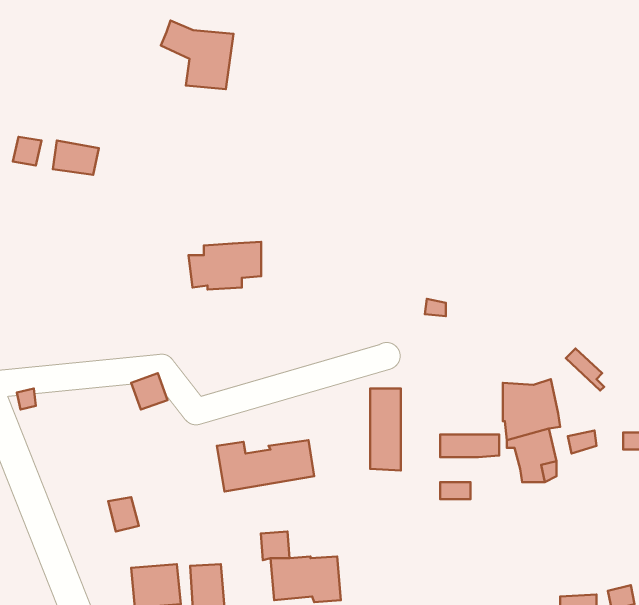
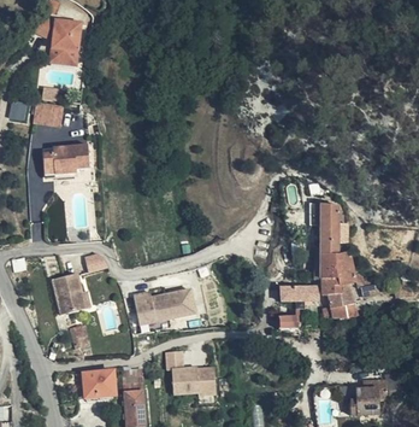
building: [161,21,233,89] -> [35,19,81,63]
building: [189,242,261,289] -> [42,146,88,176]
building: [370,389,401,471] -> [319,204,338,256]
building: none -> [52,275,85,315]

